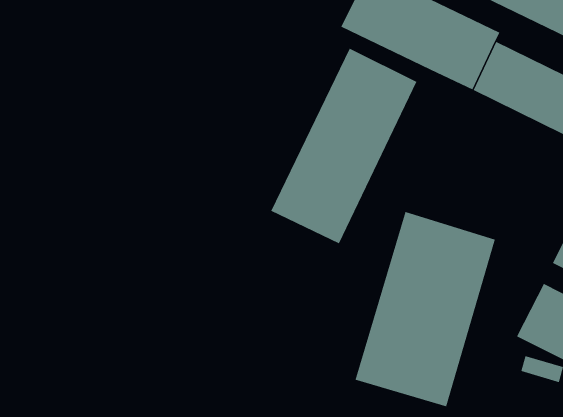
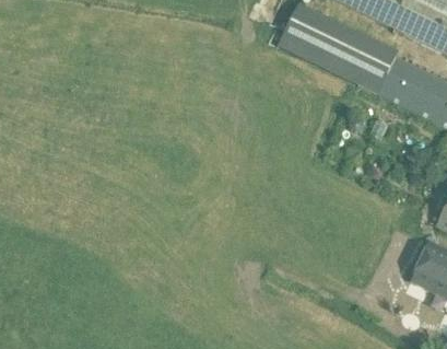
building: [271,48,417,244] -> none
building: [355,211,496,407] -> none

